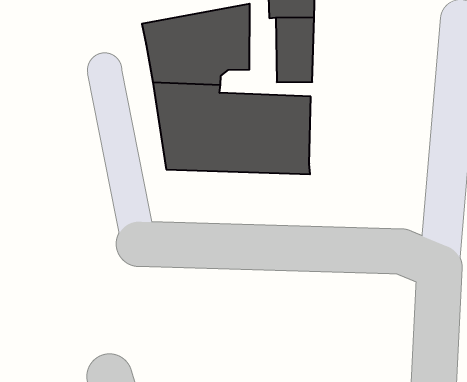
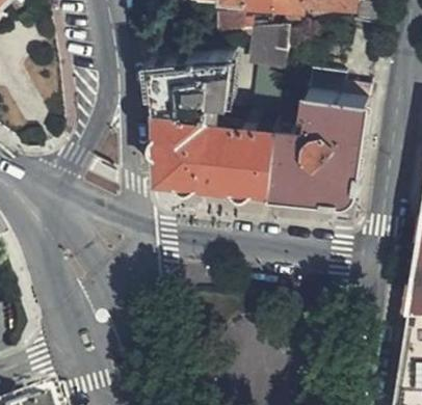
building: none -> [271,72,369,204]

